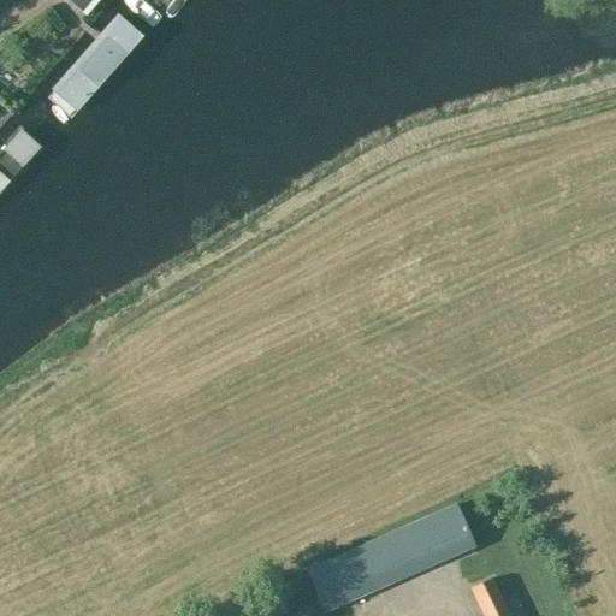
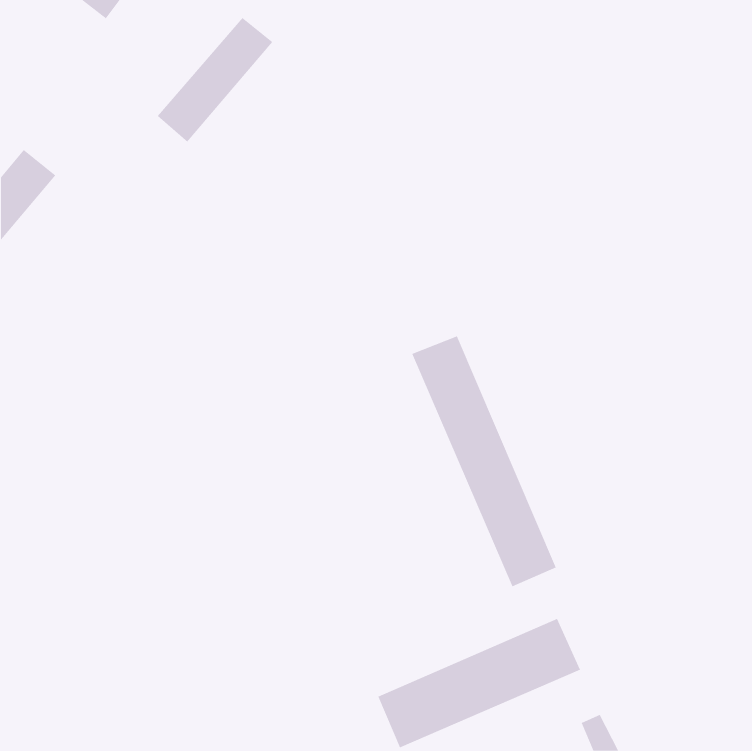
building: [47,13,142,116] -> [157,17,273,142]
building: none -> [411,336,557,587]

